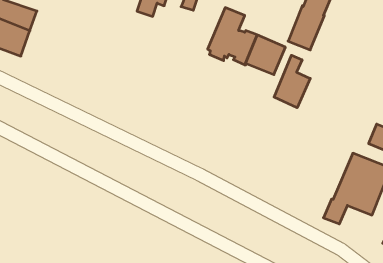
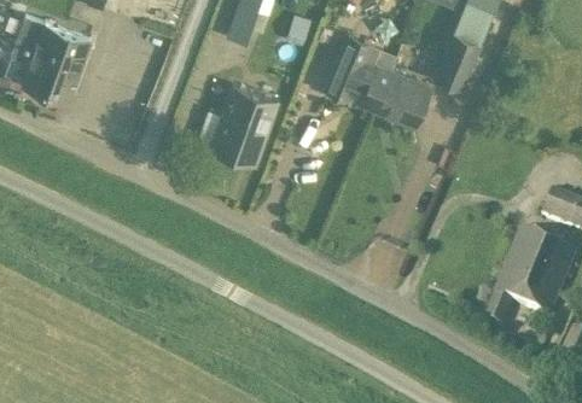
building: none -> [209,83,278,164]
building: [274,55,310,108] -> none

